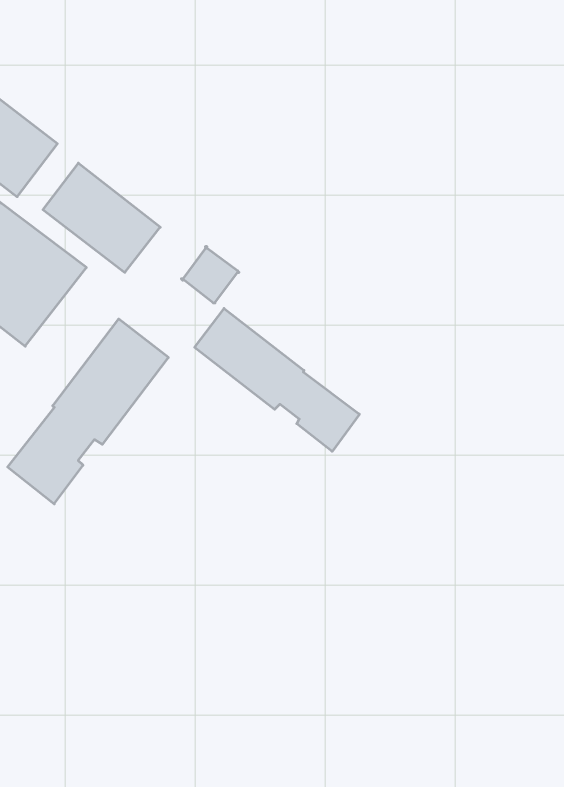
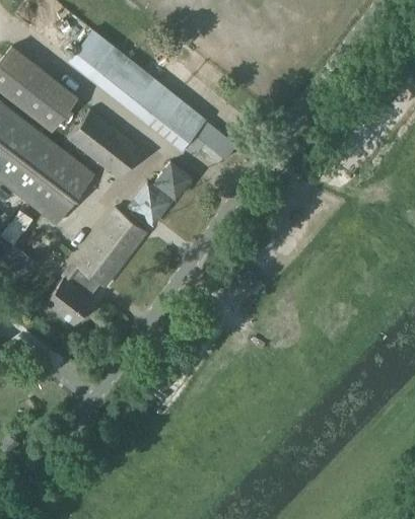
building: none -> [71,31,237,163]
building: none -> [132,184,171,224]
building: [195,308,359,451] -> none

